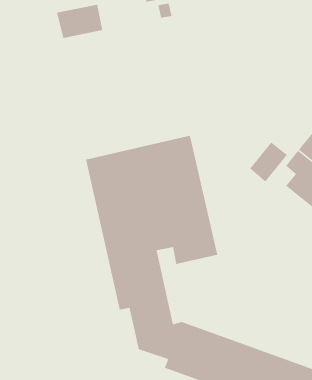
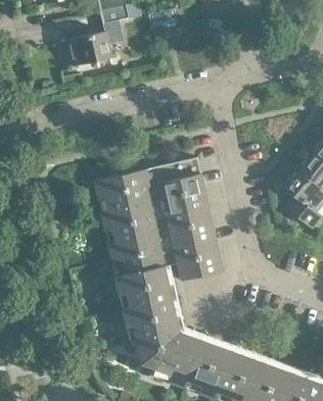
building: [249,141,288,183] -> none

